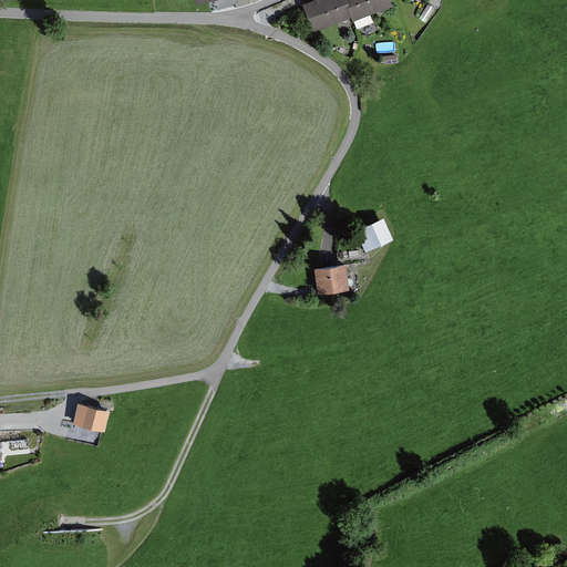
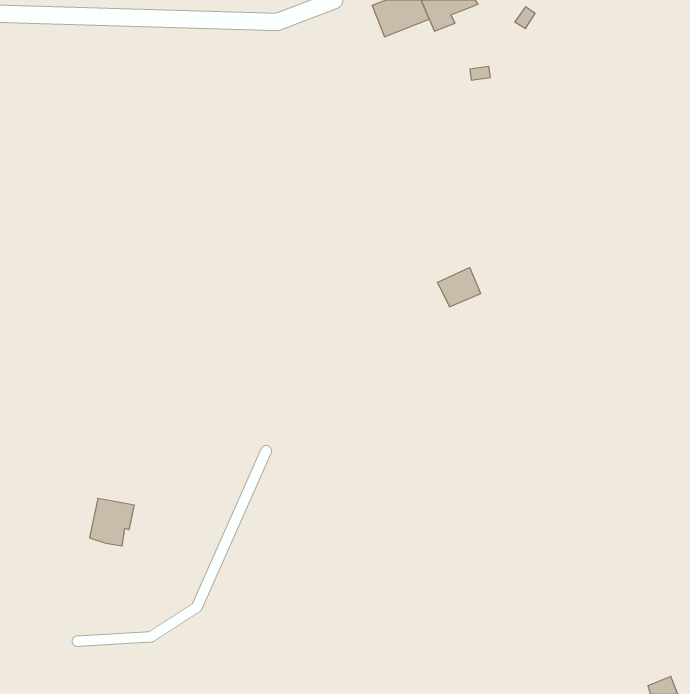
building: [313,262,348,292] -> none

